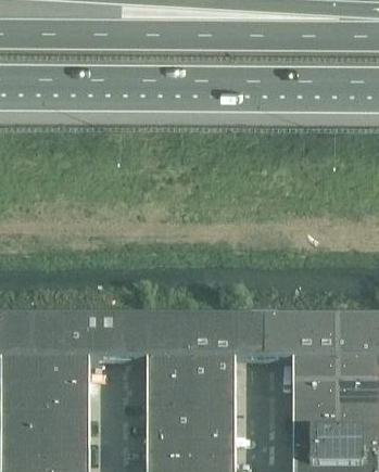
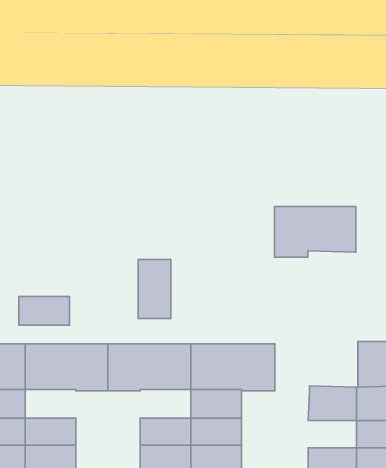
building: none -> [138,259,171,318]
building: [265,311,337,356] -> [274,206,356,257]
building: [45,354,89,379] -> [19,297,69,325]
building: [146,354,190,379] -> none
building: [293,381,336,405] -> none

